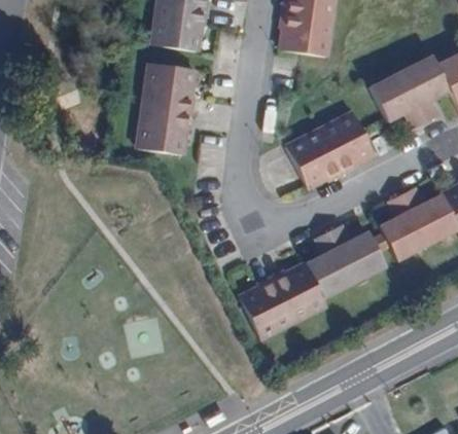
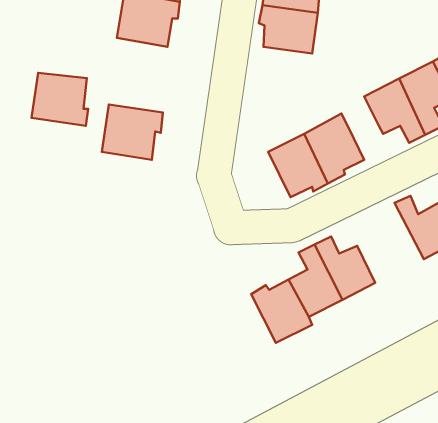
building: [142,62,193,110] -> [32,73,88,126]
building: [381,192,429,259] -> none
building: [240,276,294,337] -> none

